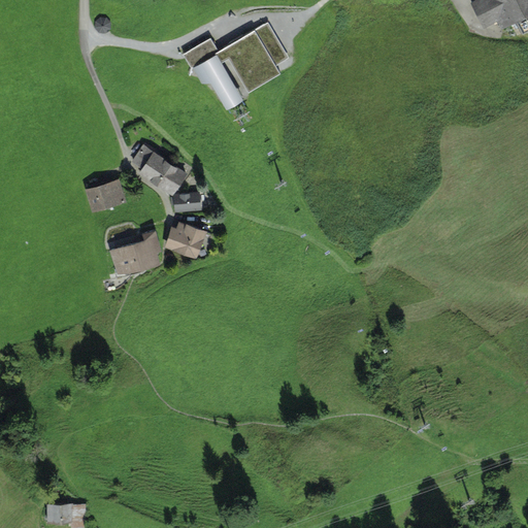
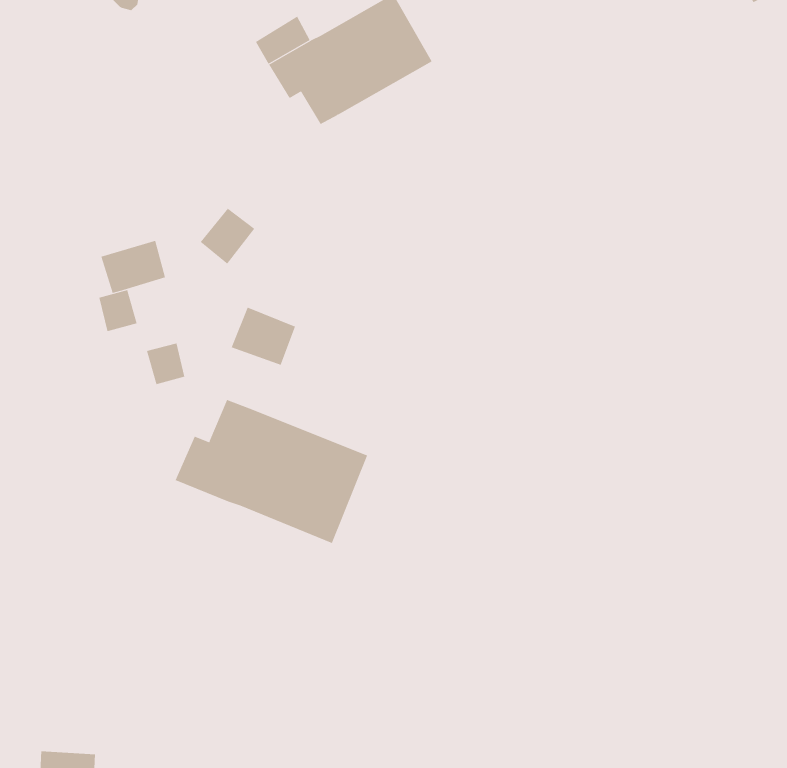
building: [130,143,165,179] -> none
building: [169,192,201,212] -> none
building: [133,238,158,265] -> [99,289,138,332]
building: none -> [175,399,368,544]

